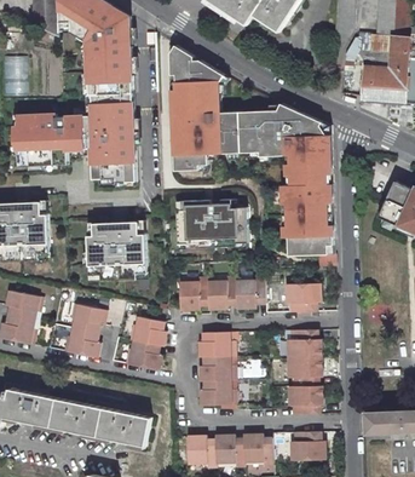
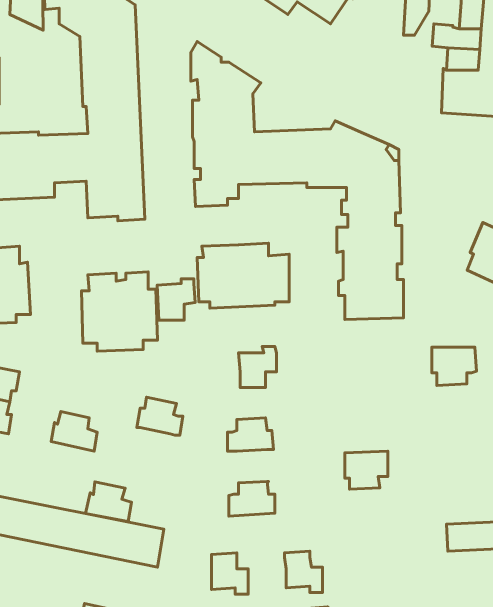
building: [236,276,264,309] -> none
building: [179,278,208,310] -> [157,279,195,320]
building: [286,285,319,314] -> [432,347,476,385]
building: [70,303,105,332] -> none
building: [287,329,321,358] -> none
building: [125,339,160,369] -> [85,482,131,521]
building: [198,356,234,381] -> none
building: [288,385,322,414] -> none
building: [290,430,324,459] -> none
building: [214,435,243,465] -> none

